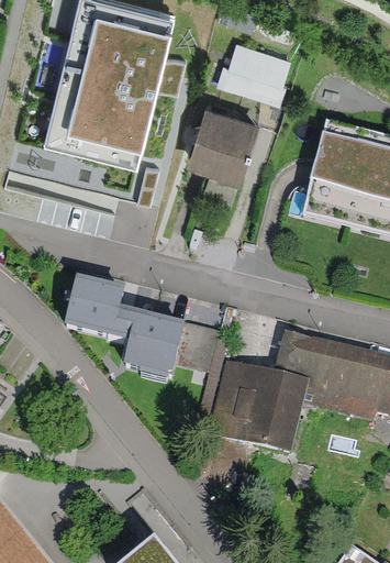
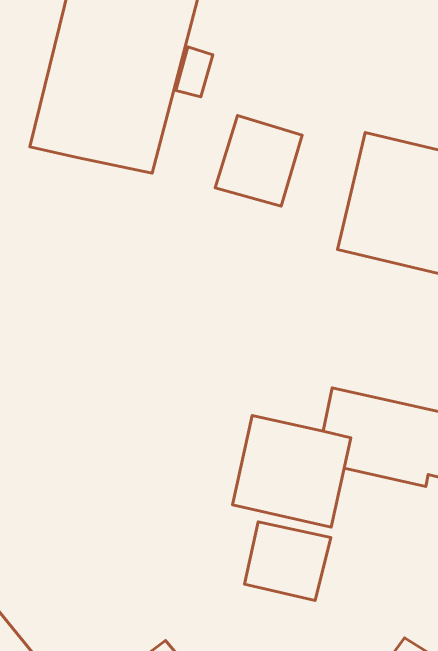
building: [225,44,294,109] -> none
building: [62,266,226,387] -> none
building: none -> [244,522,331,601]

